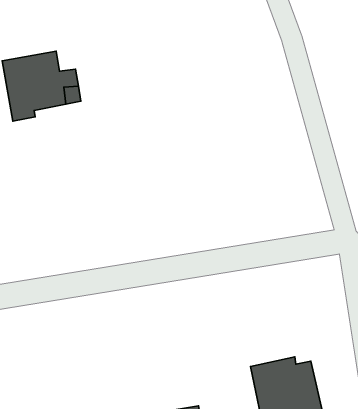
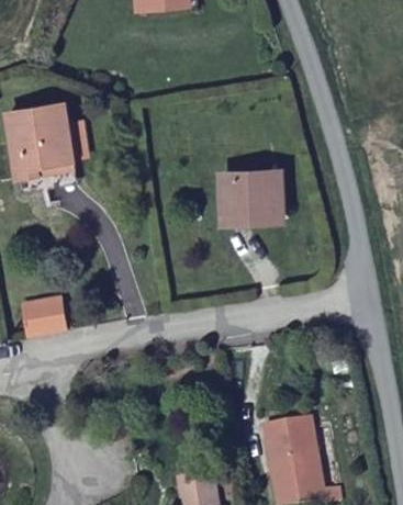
building: none -> [225,179,277,226]
building: none -> [23,301,63,339]

